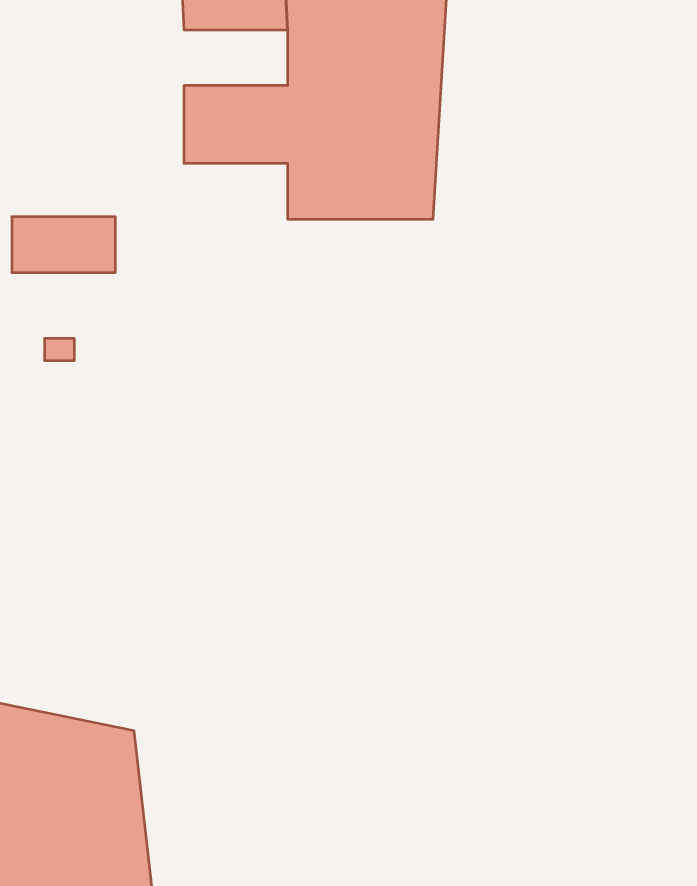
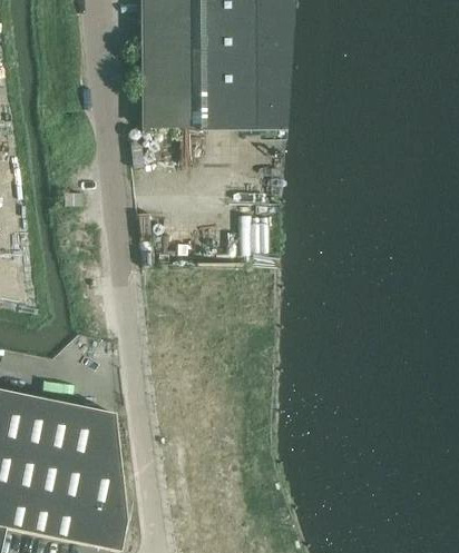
building: none -> [143,23,201,55]
building: [12,217,115,272] -> [143,98,201,129]

